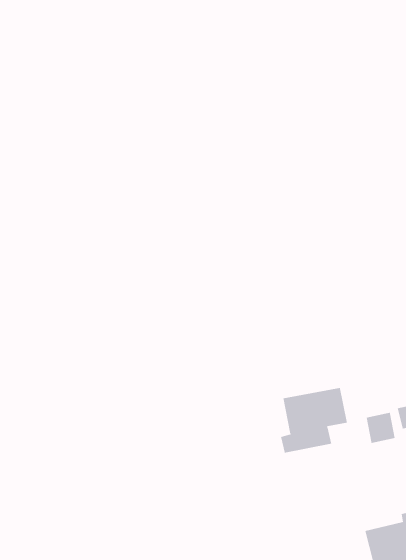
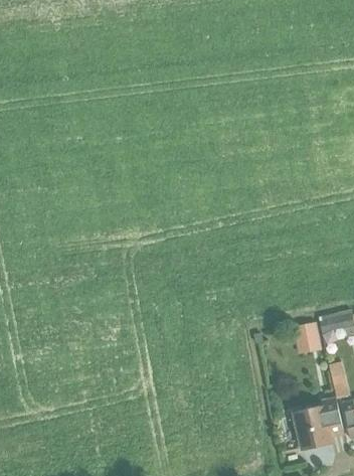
building: [280,387,347,454] -> none

